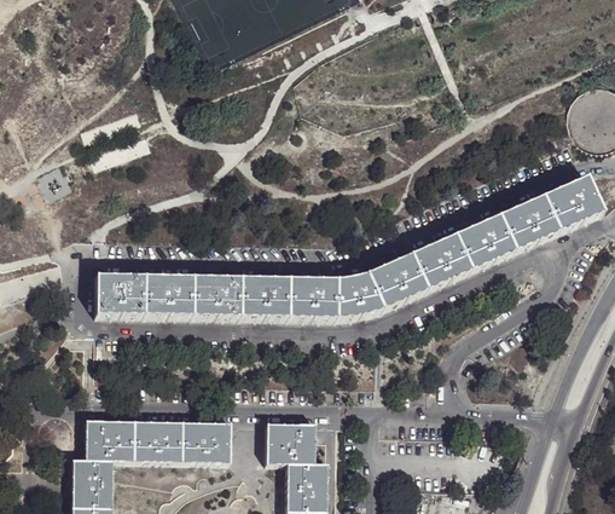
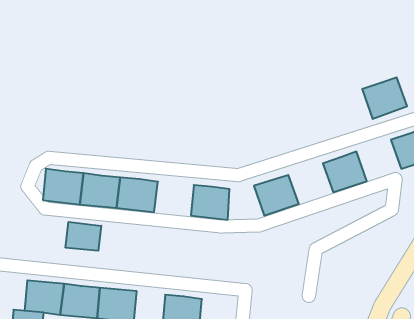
building: [500,194,561,250] -> [362,77,407,119]
building: [414,232,475,288] -> none
building: [340,270,388,317] -> none
building: [244,276,292,316] -> none
building: none -> [66,222,101,251]

